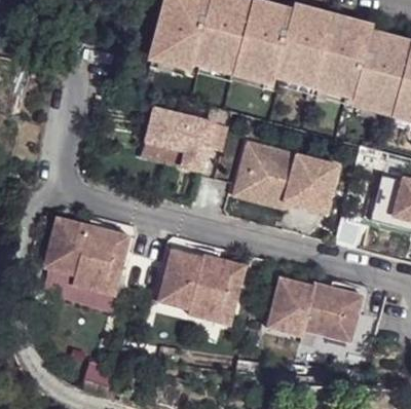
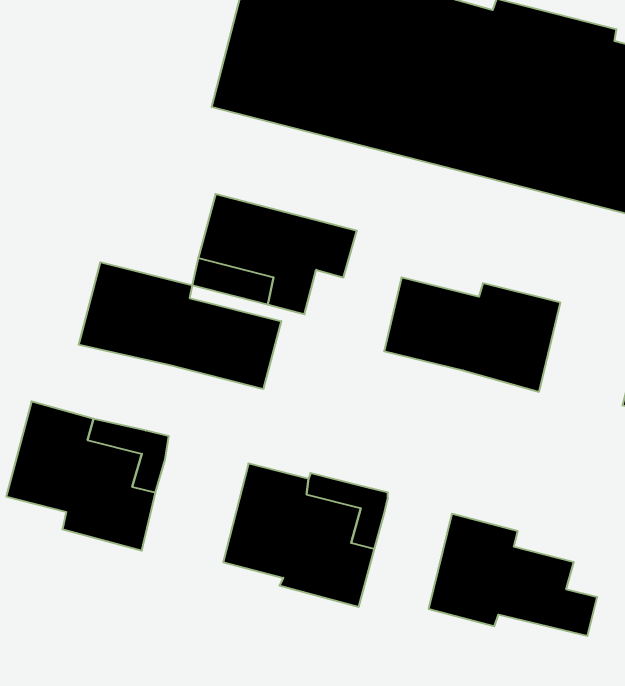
building: [233,142,296,208] -> none
building: none -> [79,262,281,389]
building: [312,283,363,321] -> none

